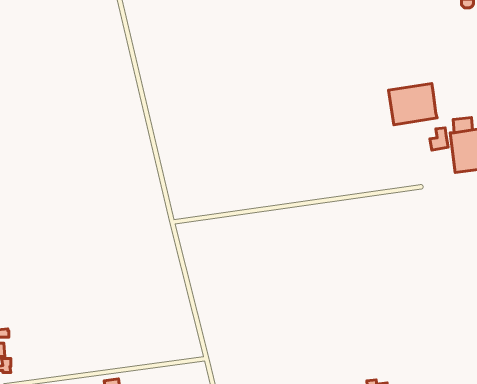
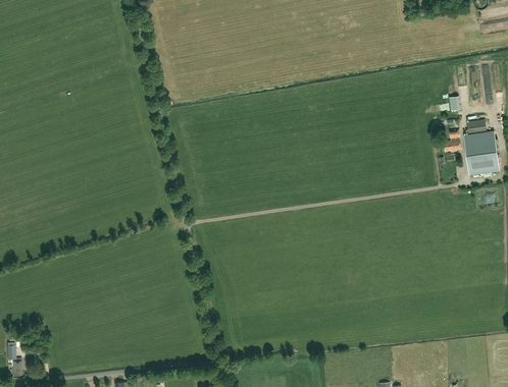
building: [389,83,437,125] -> none

